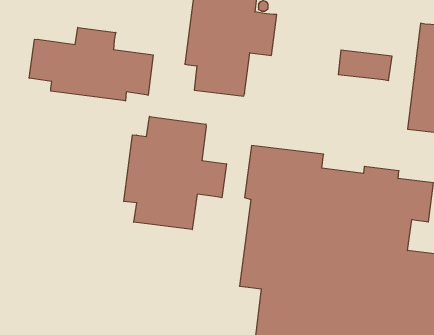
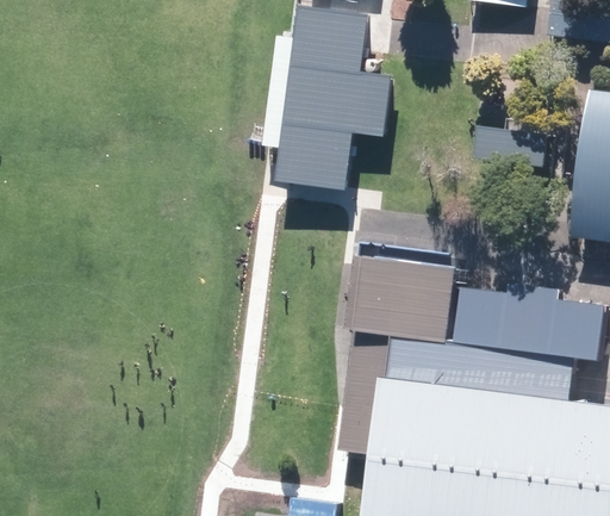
building: [29,27,153,101] -> none
building: [124,116,226,230] -> none

